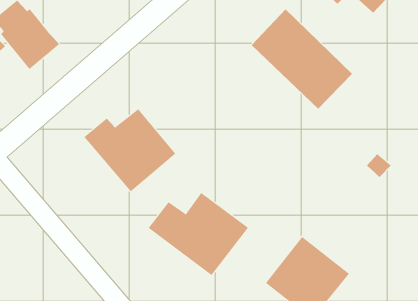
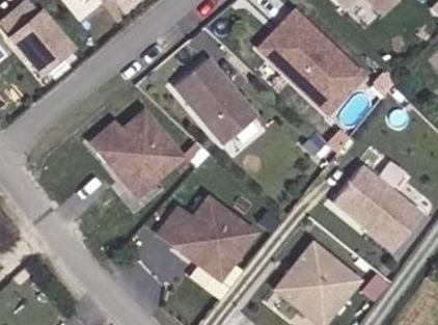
building: none -> [174,55,256,140]
building: none -> [330,161,425,250]

